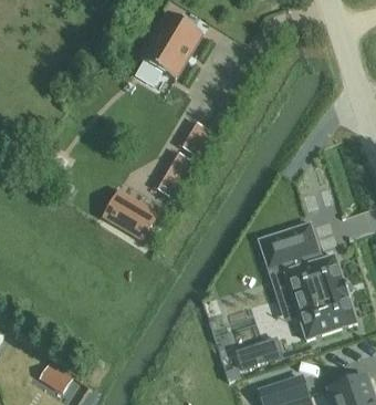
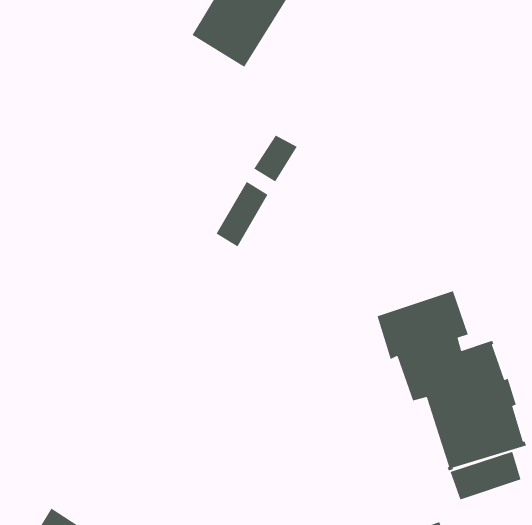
building: [102,190,157,240] -> none
building: [234,338,281,370] -> [450,451,522,500]

